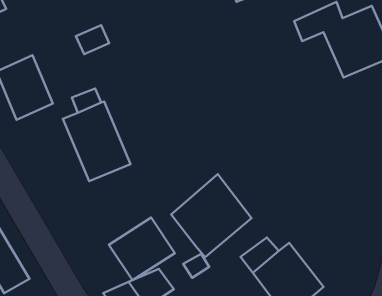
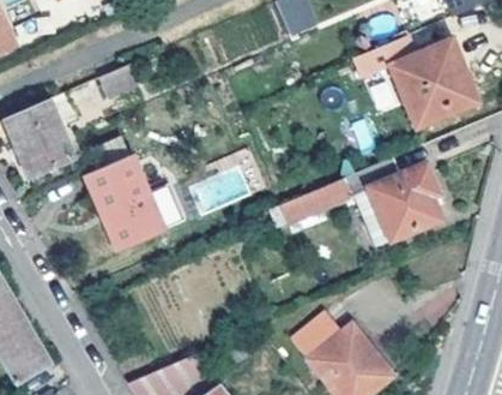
building: none -> [270,157,441,247]
building: [171,174,251,257] -> none
building: [109,218,175,280] -> none

